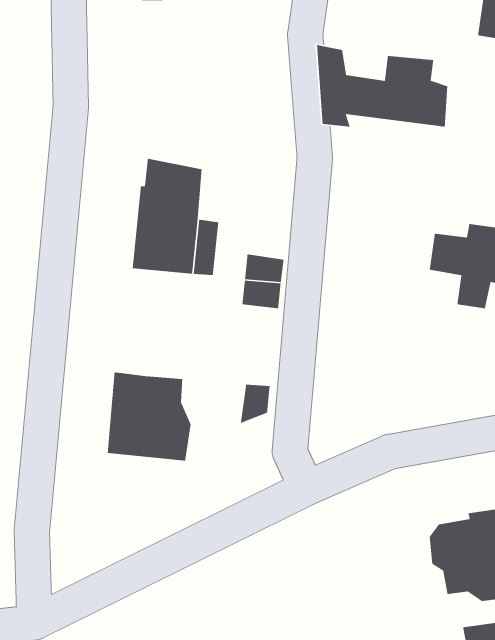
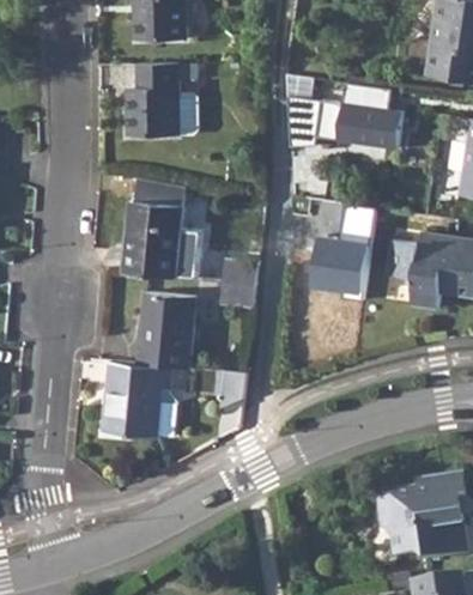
building: none -> [126,61,198,134]
building: none -> [304,204,377,298]
building: none -> [137,291,193,368]

